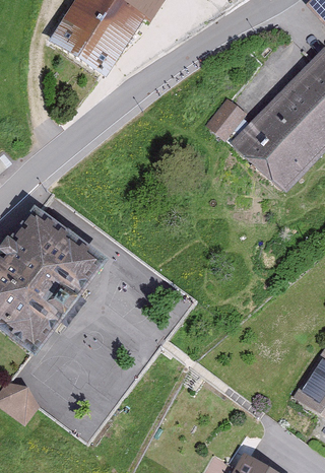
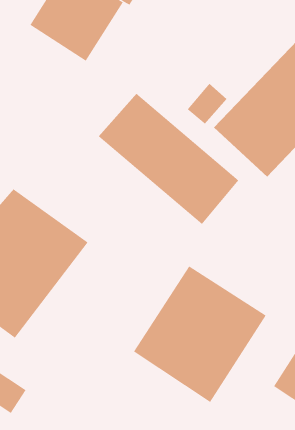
building: none -> [98,93,239,225]
building: none -> [133,265,266,403]

